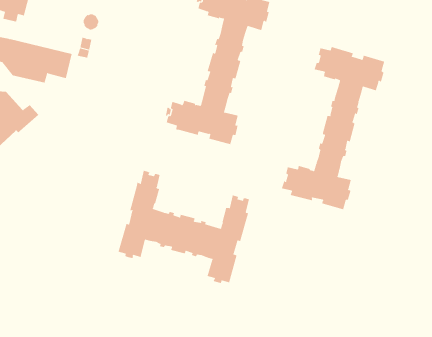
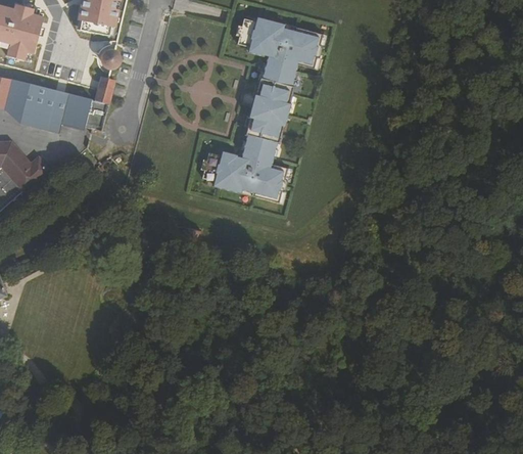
building: [281,46,385,210] -> none
building: [118,170,249,284] -> none

